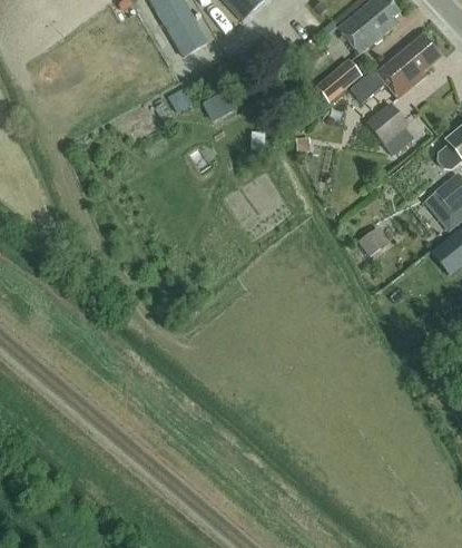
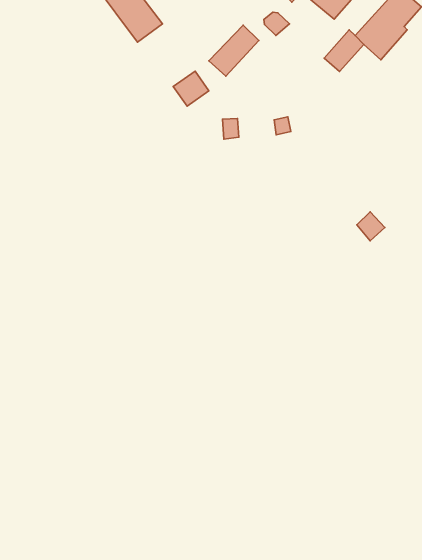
building: [312,59,358,102] -> [209,25,259,76]
building: [364,102,412,156] -> none

